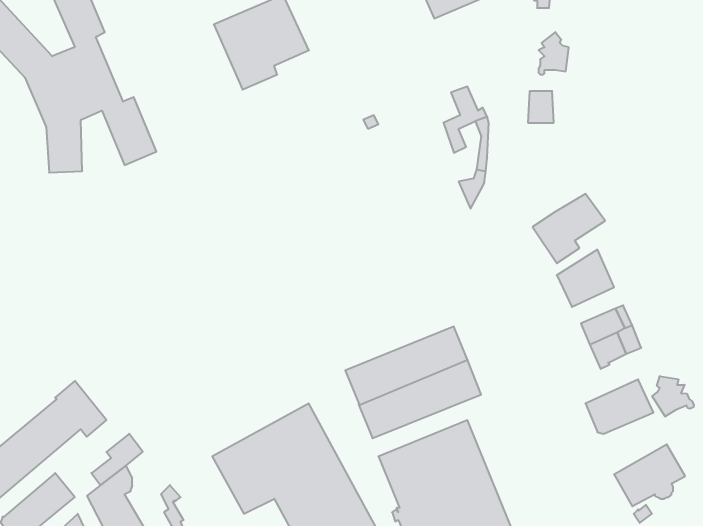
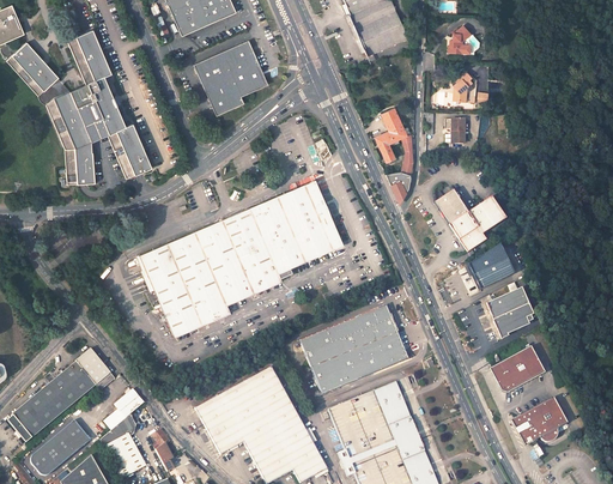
building: none -> [139,180,341,335]
building: none -> [435,190,467,225]
building: [652,376,694,417] -> none

